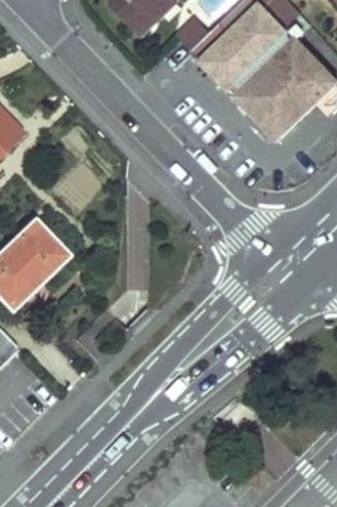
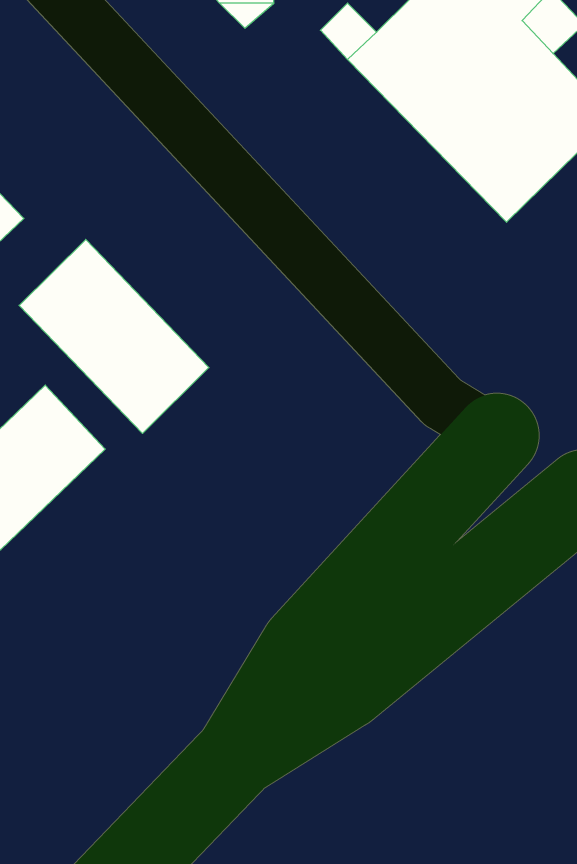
building: none -> [19,239,209,433]

